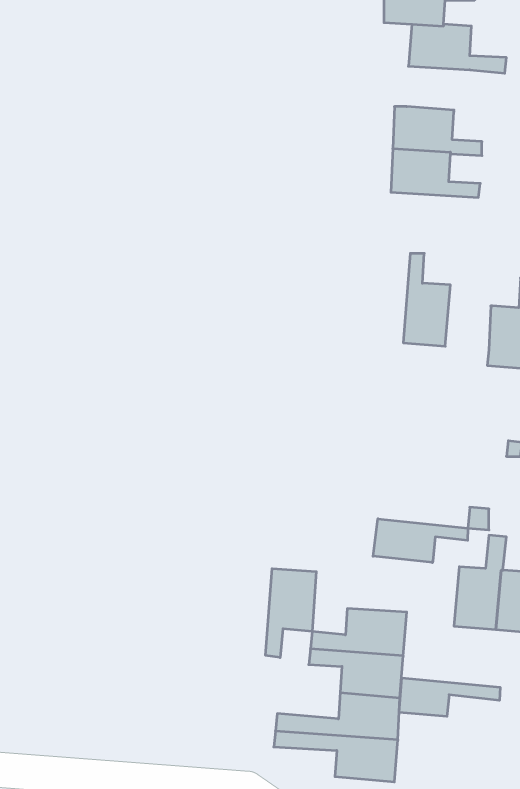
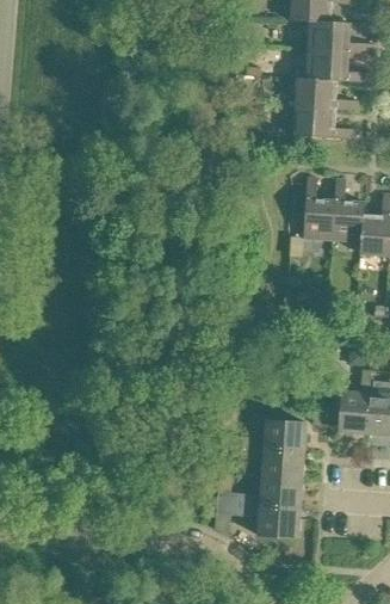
building: none -> [307,49,372,82]
building: none -> [333,178,366,242]
building: [373,519,468,563] -> none
building: [266,569,316,658] -> none
building: [399,678,500,716] -> none

